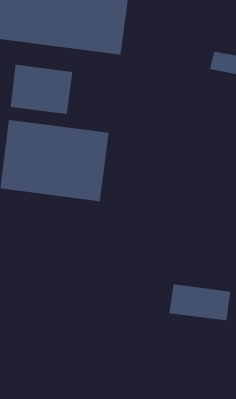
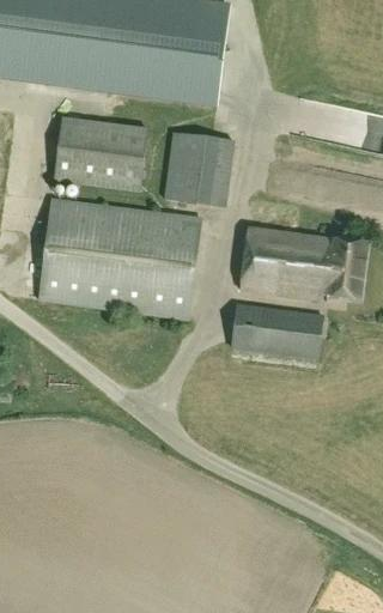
building: none -> [180,125,249,200]
building: none -> [238,230,363,302]
building: [169,284,231,321] -> [230,305,321,359]

